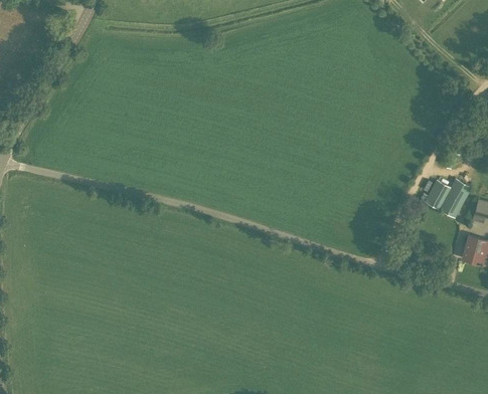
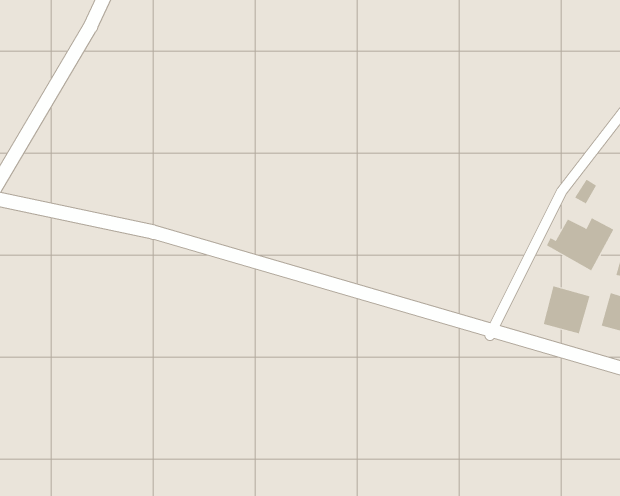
building: none -> [543,285,590,334]

